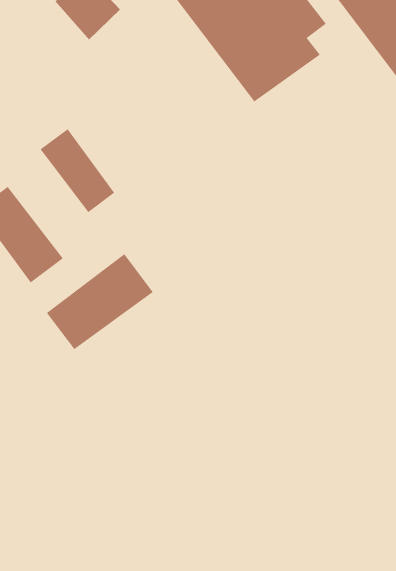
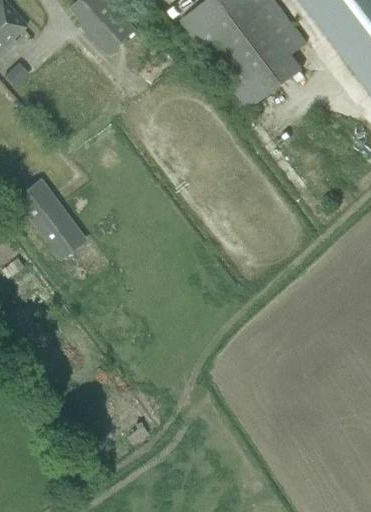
building: [40,128,115,213] -> none
building: [46,253,154,350] -> none

